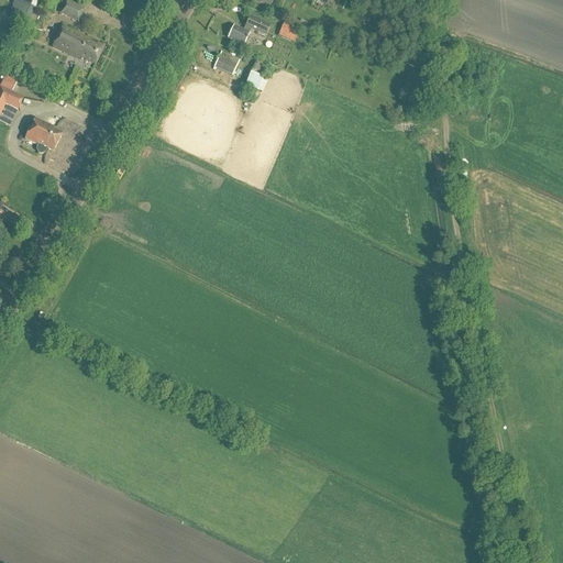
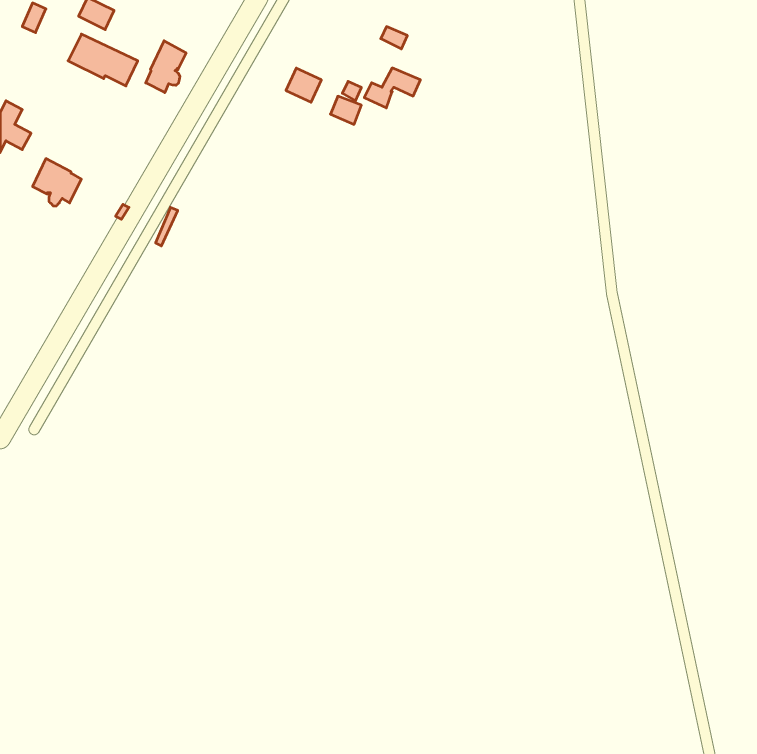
building: [229,14,271,44] -> [364,68,420,108]
building: none -> [146,41,186,93]

